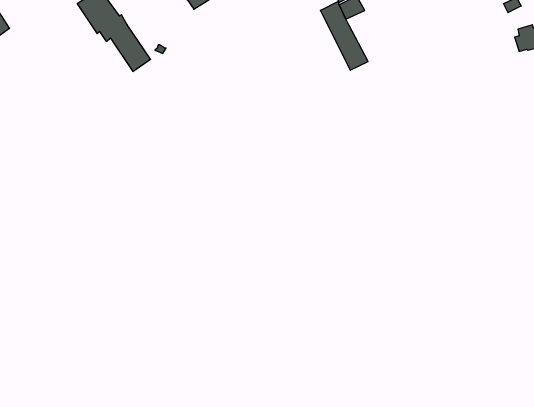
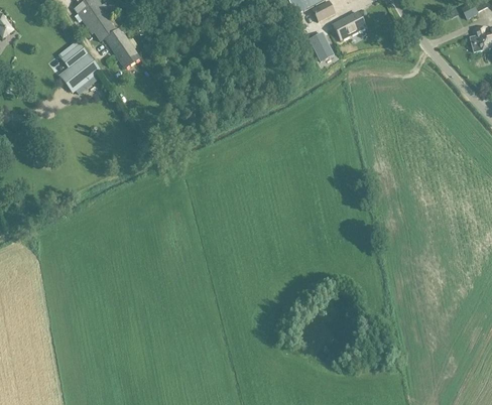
building: none -> [332,10,364,38]
building: none -> [60,41,103,93]

